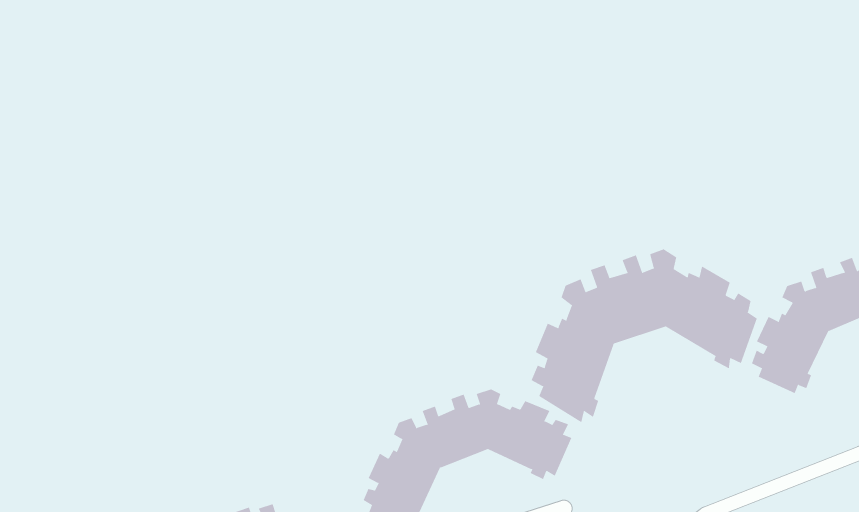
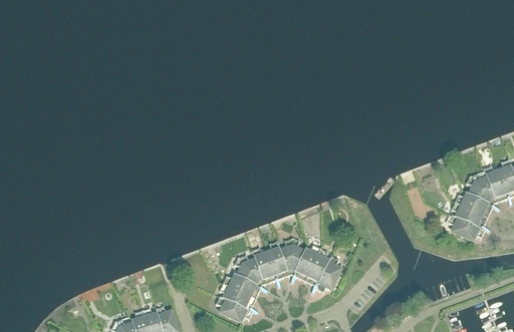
building: [531,249,757,423] -> none

